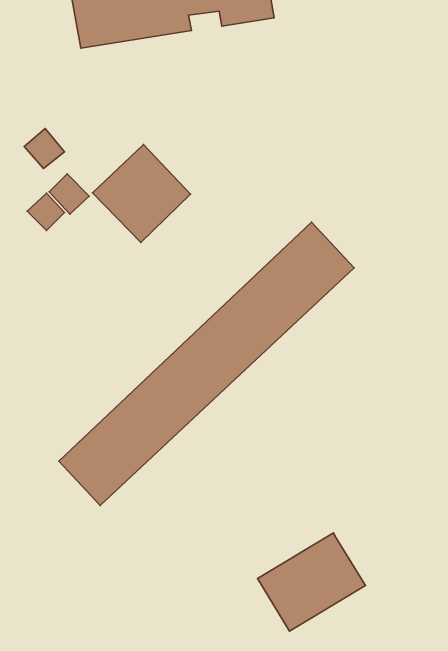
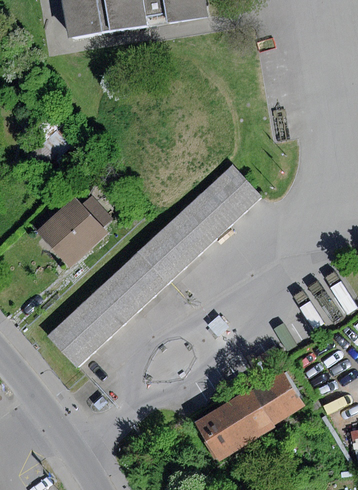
building: [93,145,191,243] -> [35,196,106,267]
building: none -> [249,371,303,425]

